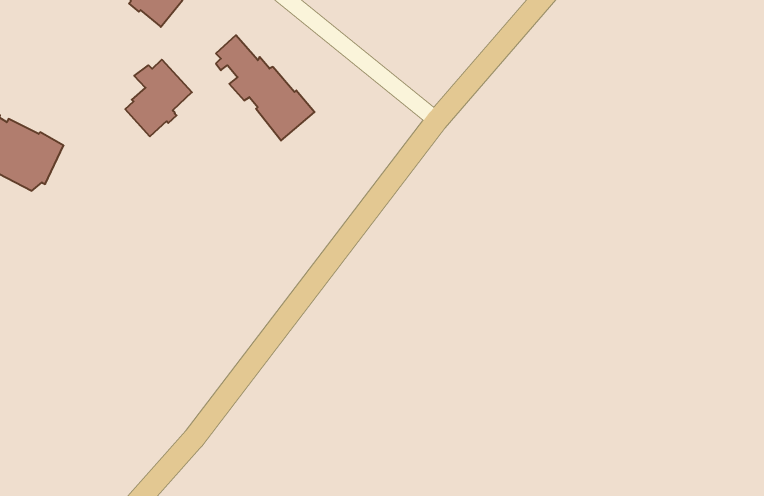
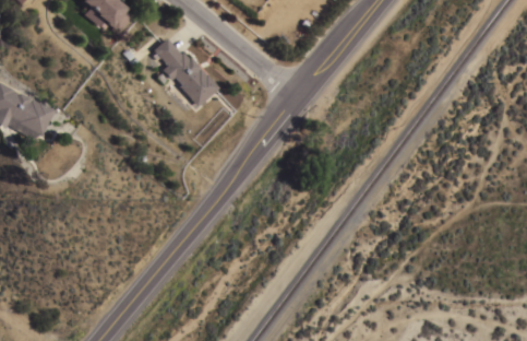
building: [125,60,192,136] -> none

